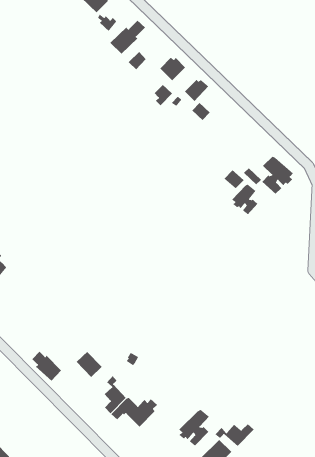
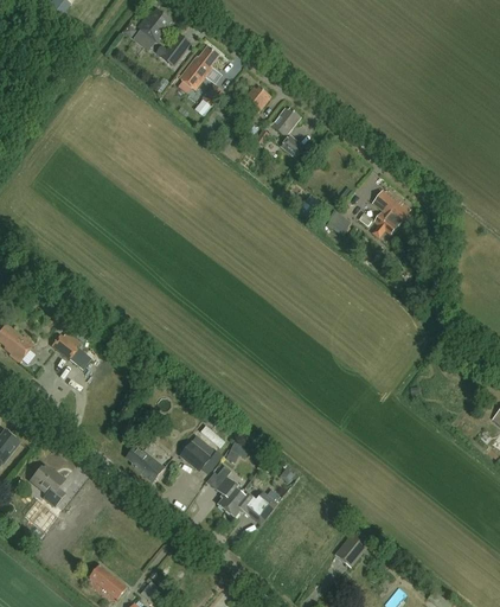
building: [231,184,258,215] -> none
building: [178,409,210,447] -> none
building: [214,423,255,447] -> none

